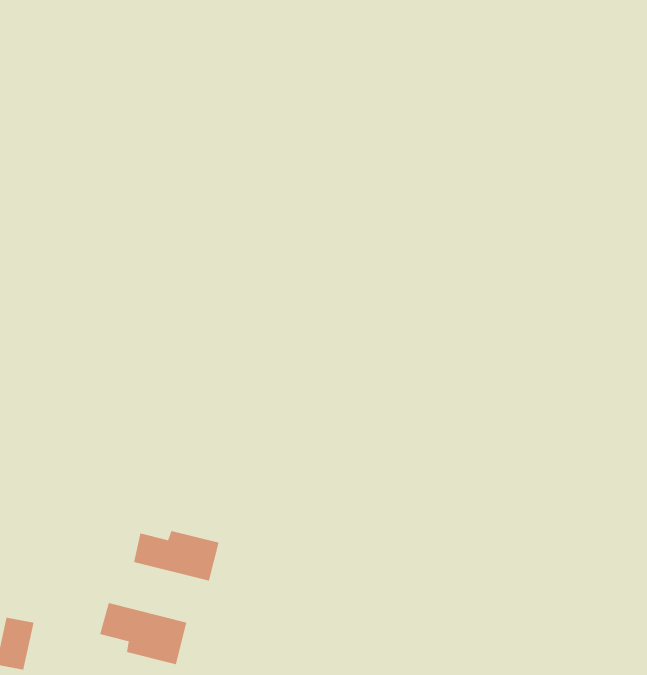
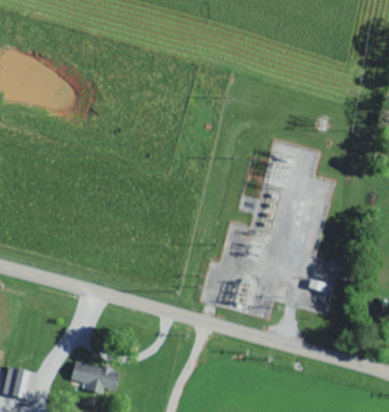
building: [133,530,219,582] -> none

